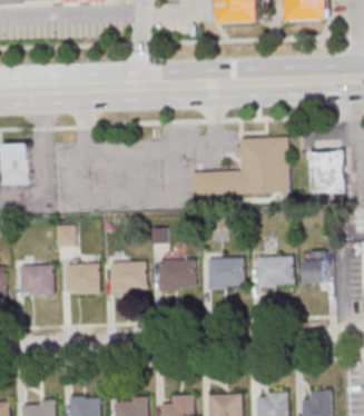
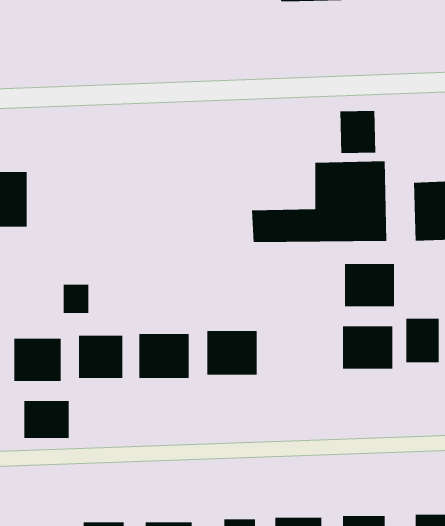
building: none -> [340,110,376,154]
building: [208,258,245,289] -> [344,264,395,307]
building: none -> [24,400,69,439]

